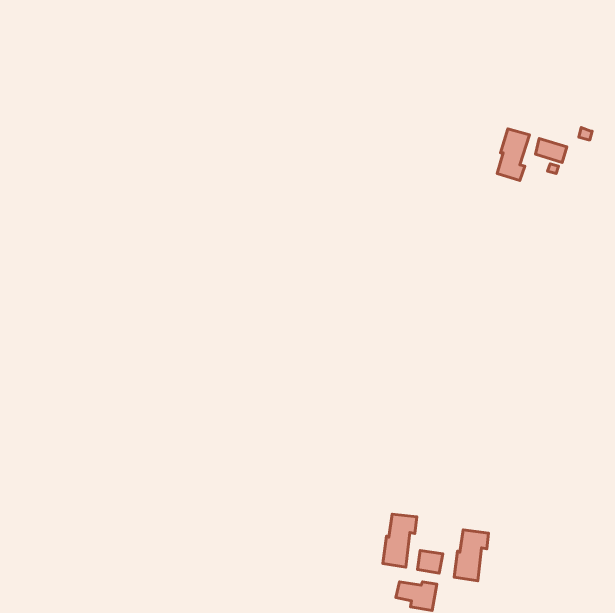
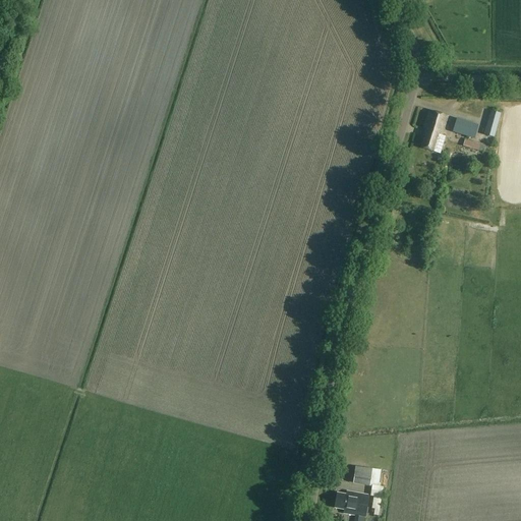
building: [383,514,417,567] -> none
building: [454,530,488,581] -> none

